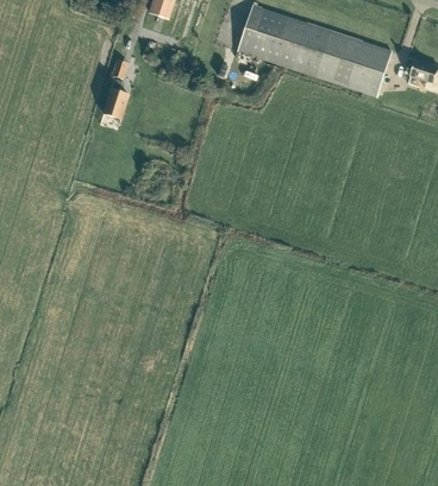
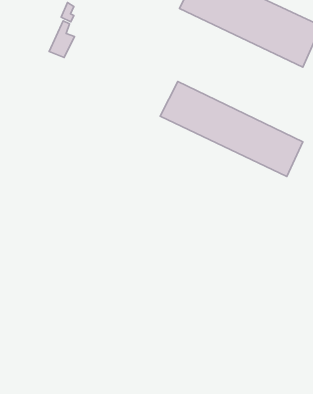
building: none -> [160,81,303,176]

